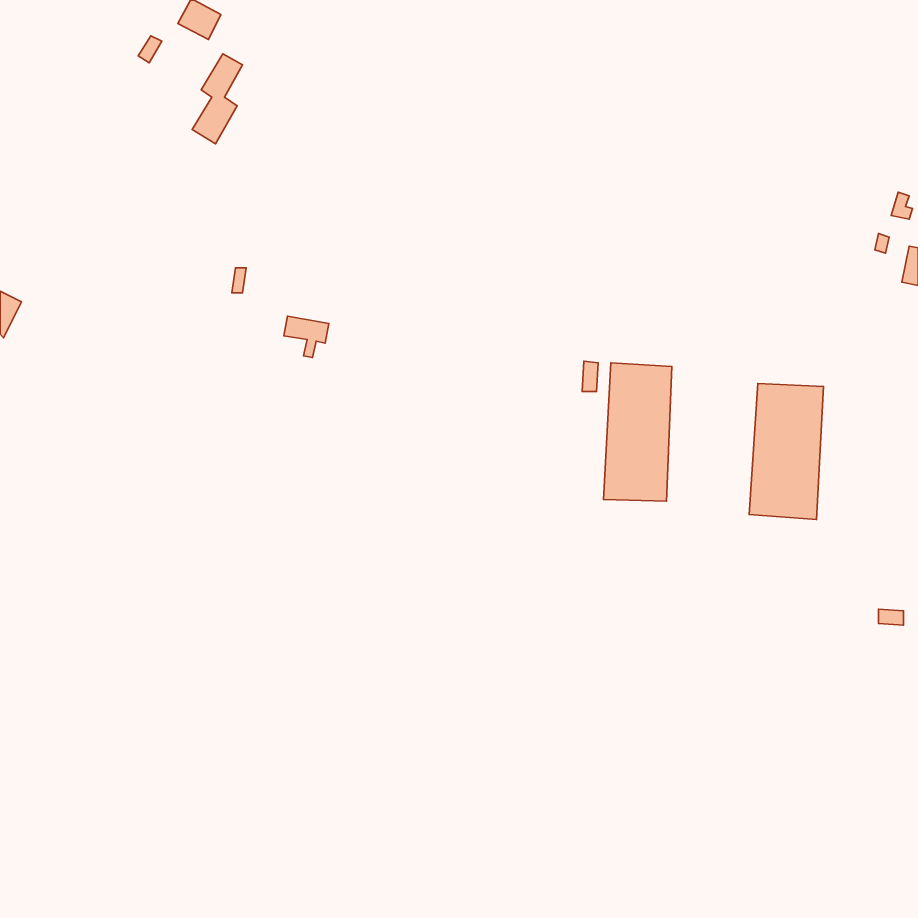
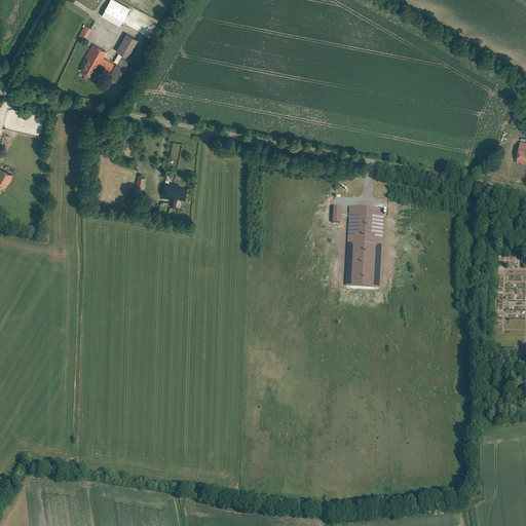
building: none -> [78,45,111,76]
building: [749,383,823,520] -> none

